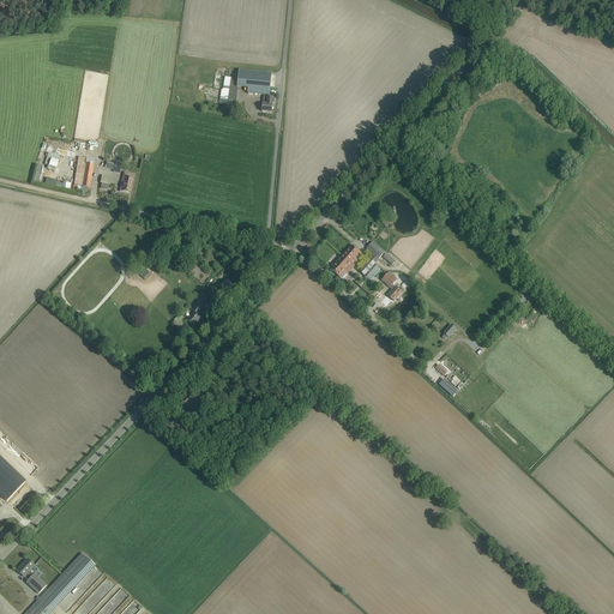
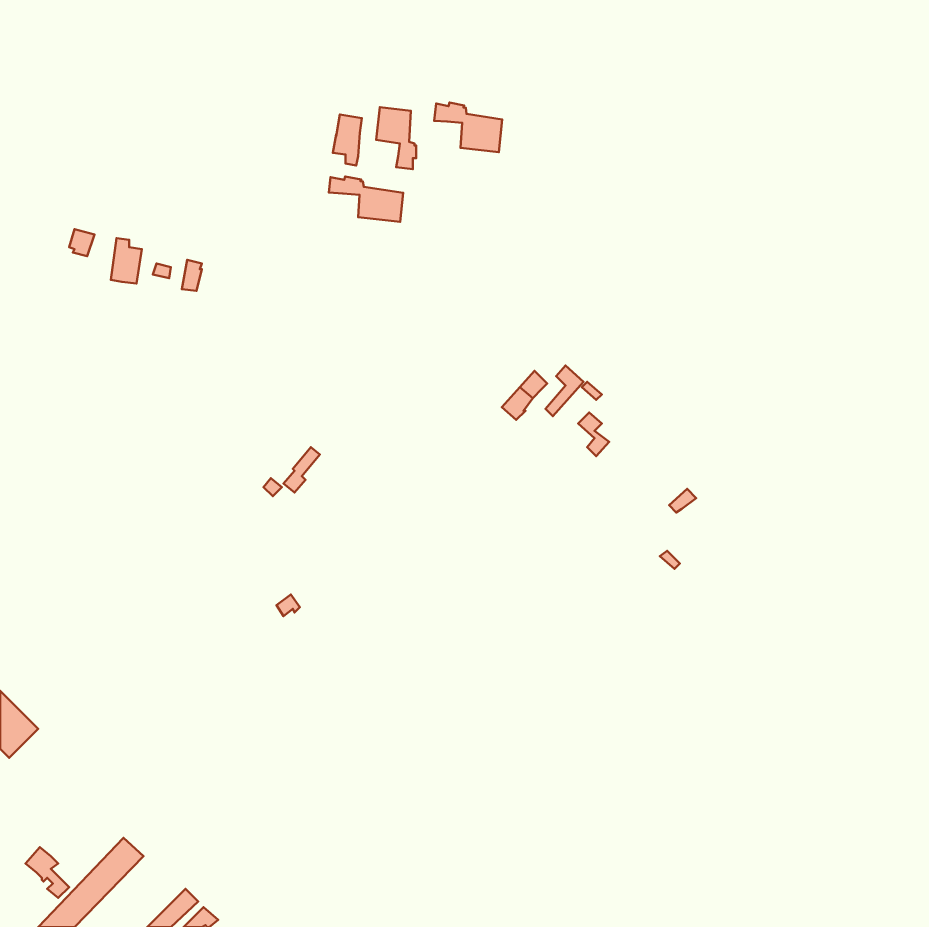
building: none -> [434,103,502,152]
building: none -> [329,176,403,222]

